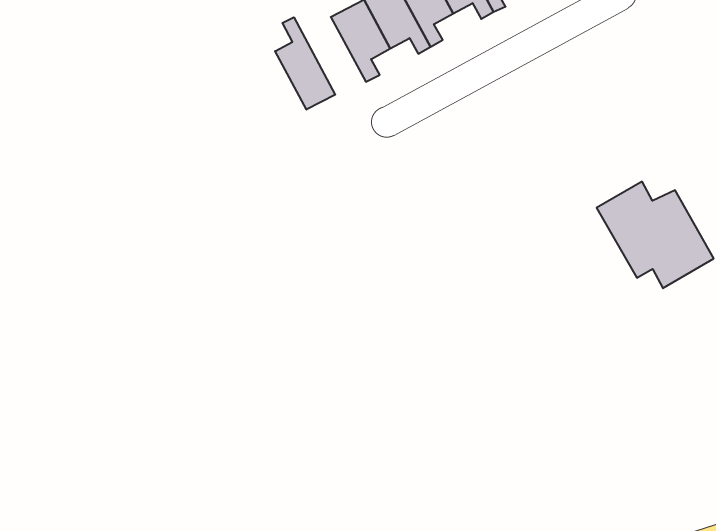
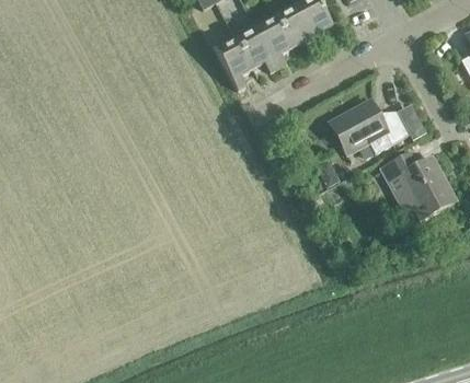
building: [275,17,335,110] -> none
building: none -> [330,100,410,153]

